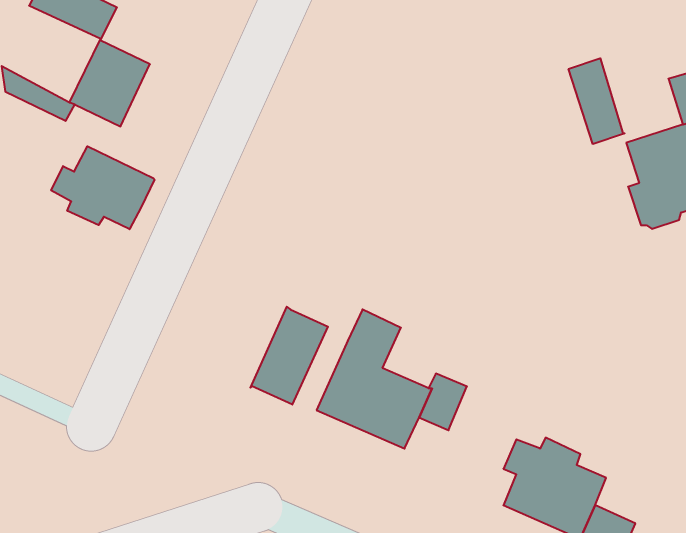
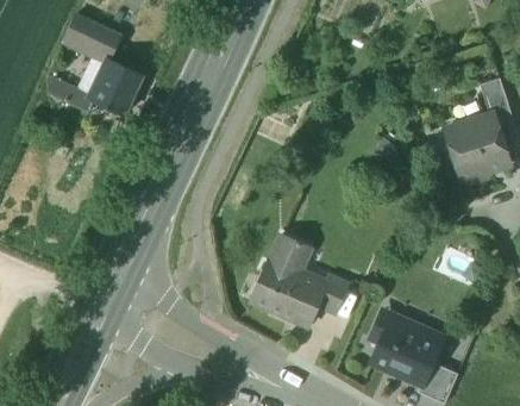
building: [569,58,625,144] -> none
building: [51,146,154,229] -> none
building: [250,307,328,405] -> none

